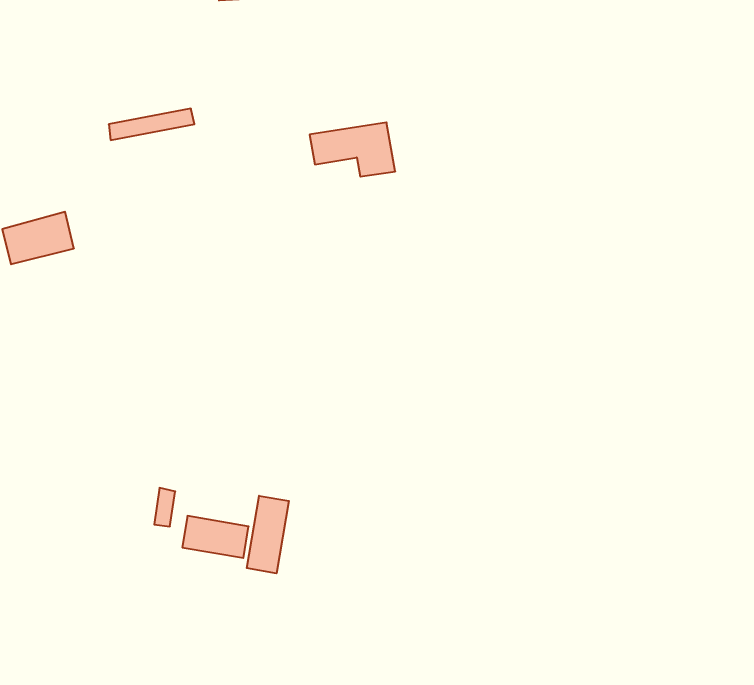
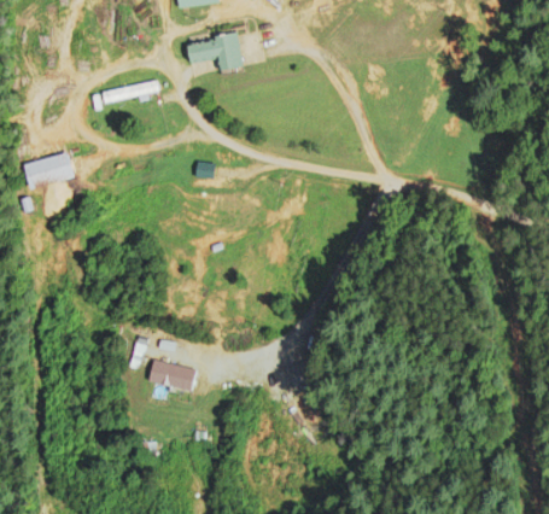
building: [310,122,395,177] -> [185,33,244,70]
building: [247,496,289,573] -> none

